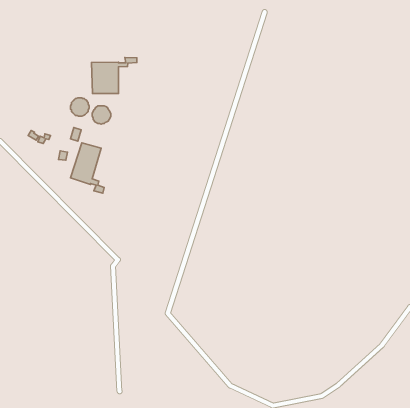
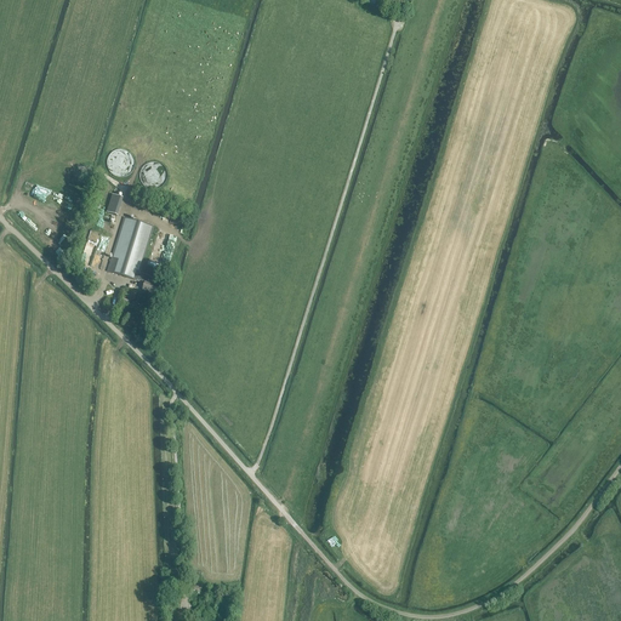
building: [91,58,137,93] -> none

